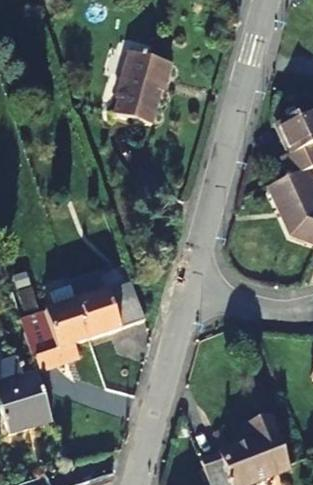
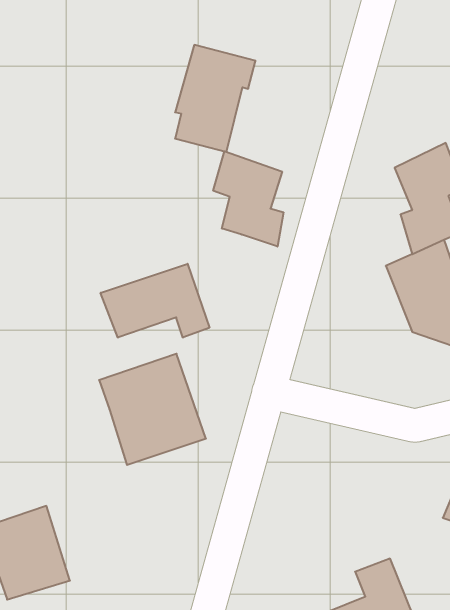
building: none -> [213,151,283,247]
building: none -> [101,264,209,338]
building: [24,298,91,366] -> none

